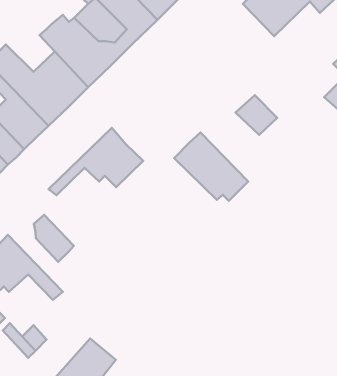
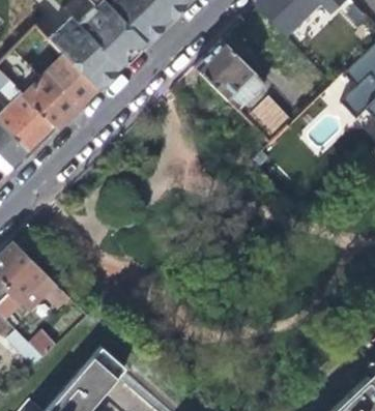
building: [49,128,143,195] -> none
building: [174,133,248,201] -> [196,40,271,110]
building: [34,215,74,262] -> none

